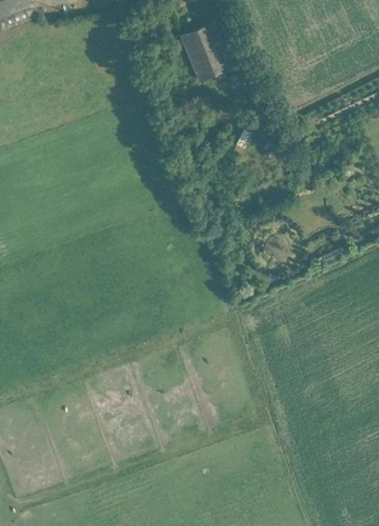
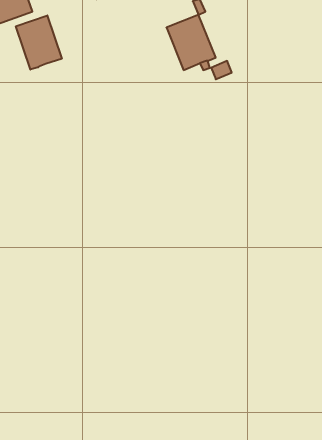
building: none -> [16,15,62,70]

